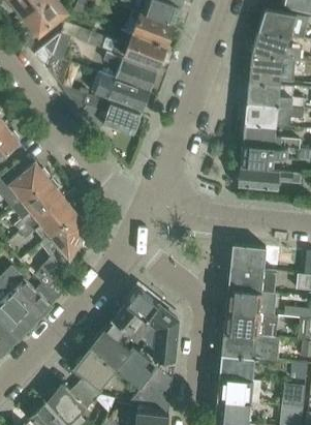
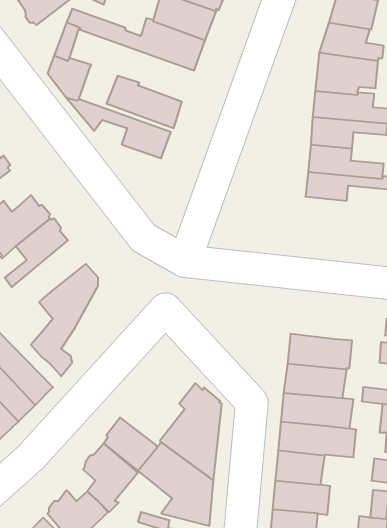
building: [104,54,156,92] -> none
building: [240,168,299,191] -> none
building: [21,196,77,238] -> none
building: [230,244,294,272] -> none
building: [102,286,159,353] -> none

